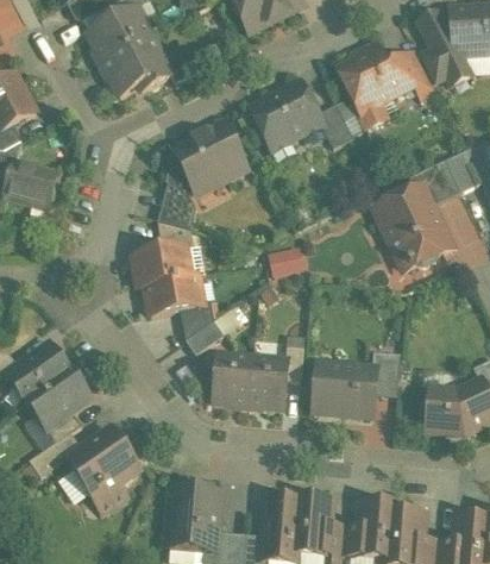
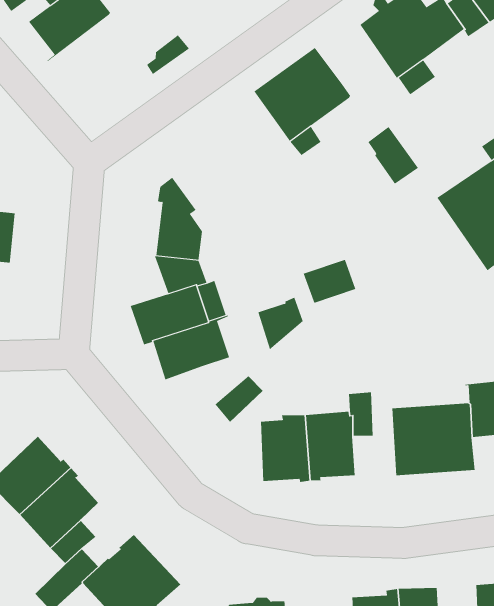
building: [99,36,171,94] -> none
building: [318,105,353,149] -> [367,126,419,184]
building: [172,123,247,192] -> none
building: [181,302,214,339] -> [257,297,303,350]

